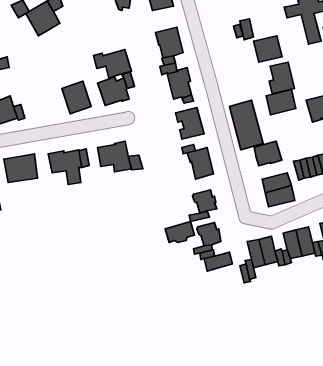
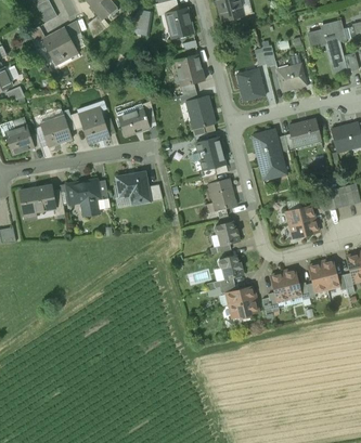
building: [93,50,132,78] -> none
building: [269,62,294,94] -> [240,68,266,101]
building: none -> [40,115,72,147]
building: [254,141,282,166] -> none
building: [165,221,195,243] -> [229,297,259,318]

